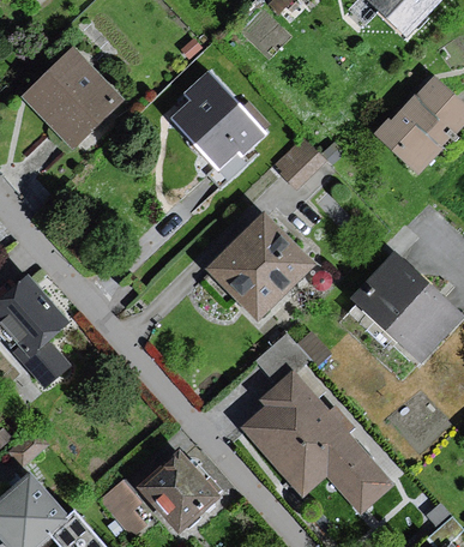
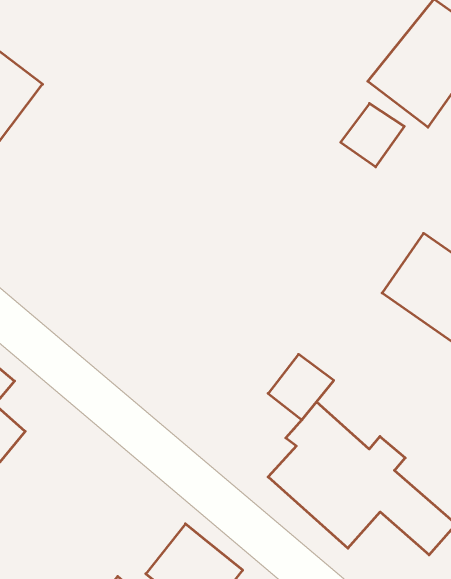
building: [176,73,267,164] -> none
building: [276,142,326,191] -> [341,103,404,167]
building: [218,227,306,313] -> none

